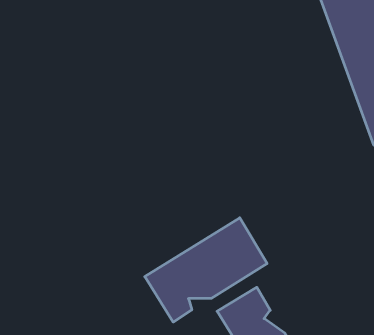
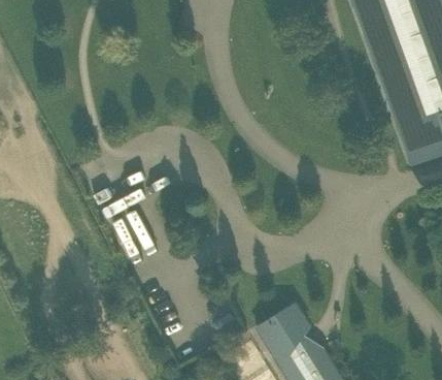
building: [145,218,267,322] -> none

